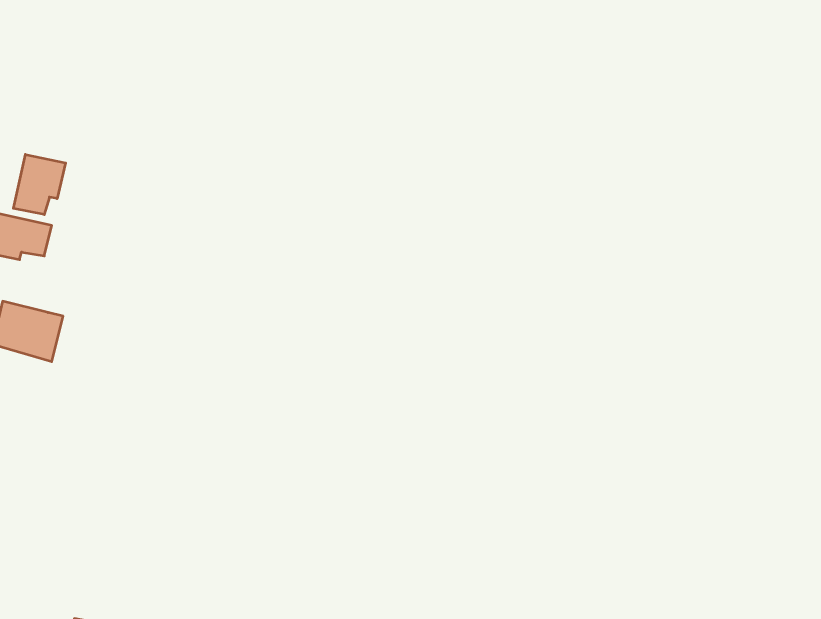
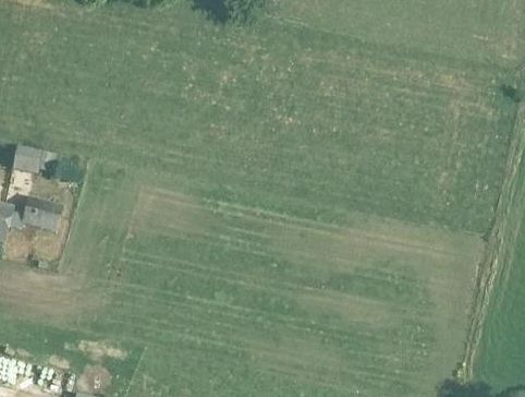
building: [13,154,66,215] -> none

